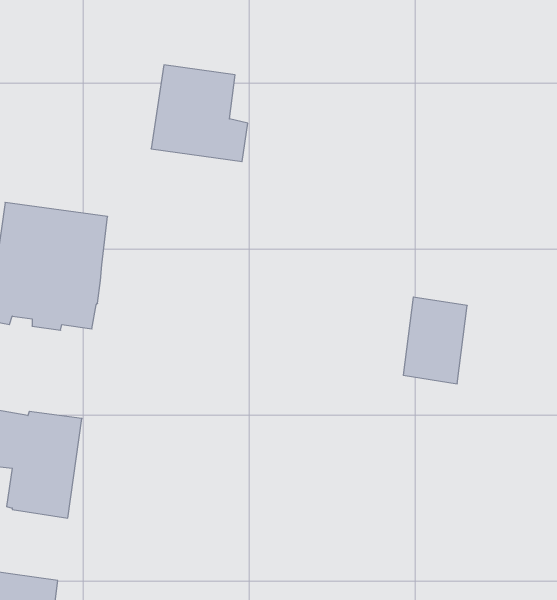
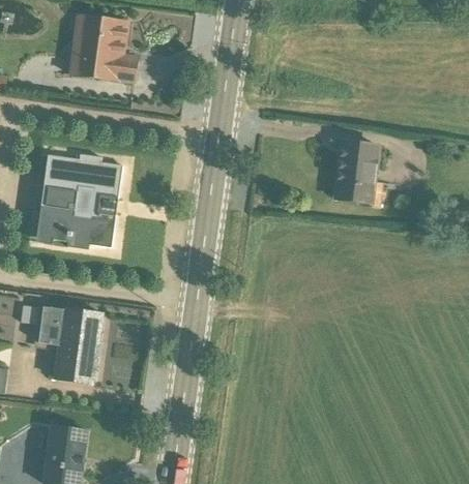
building: [151,65,248,162] -> [66,13,137,84]
building: [403,297,467,384] -> [333,141,380,204]

